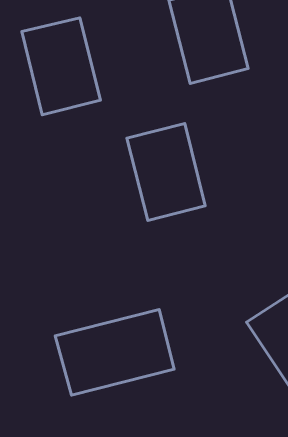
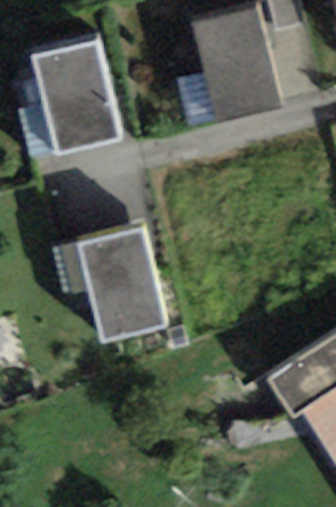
building: [127,123,205,221] -> [76,231,163,338]
building: [55,309,174,395] -> none

